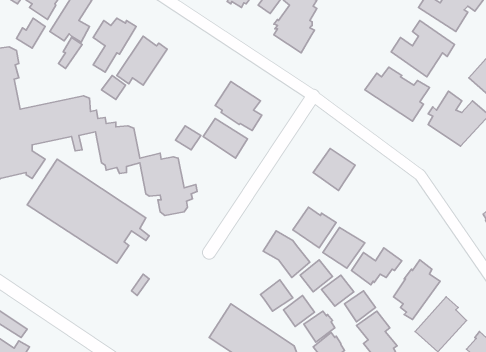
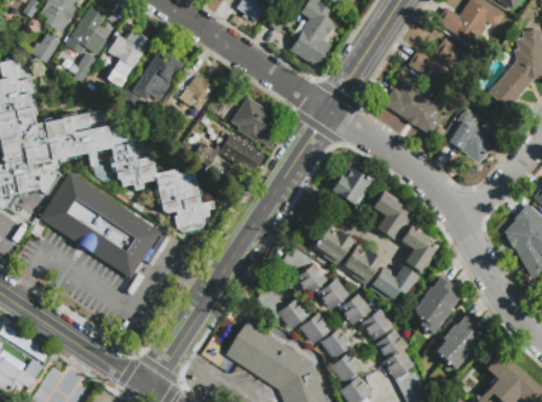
building: none -> [177,70,214,110]
building: none -> [373,191,409,240]
building: none -> [400,223,437,274]

